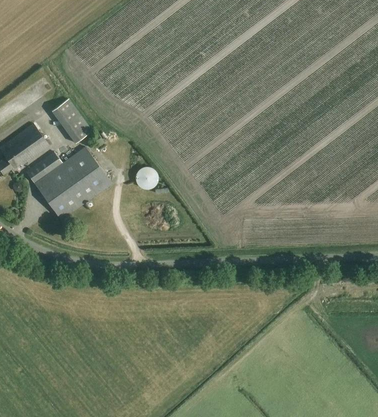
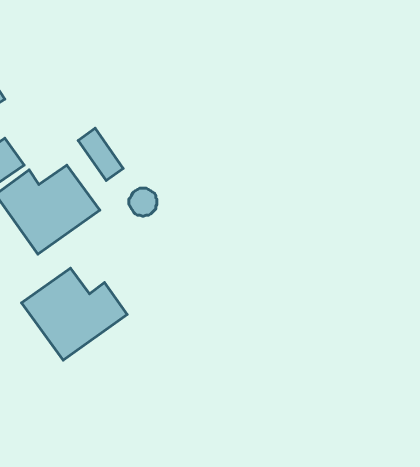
building: [53,100,90,143] -> [78,128,123,181]
building: none -> [21,268,127,360]

